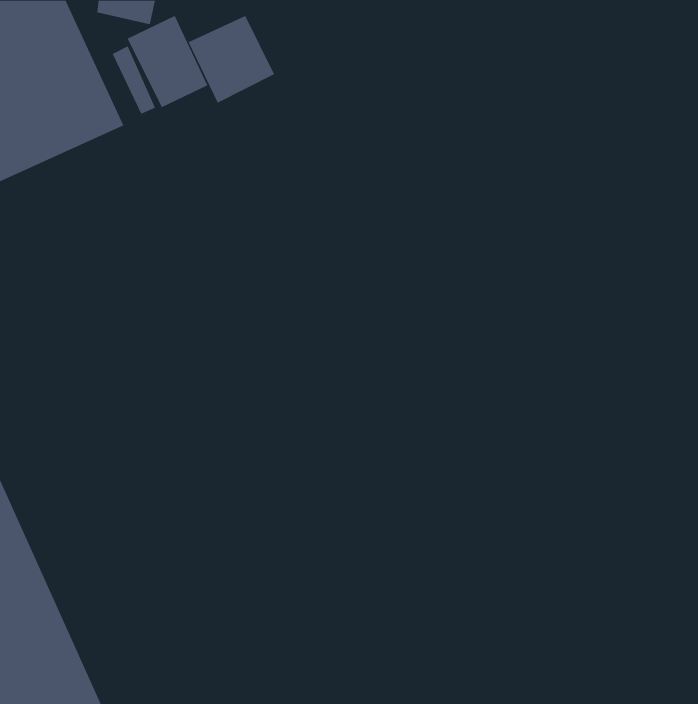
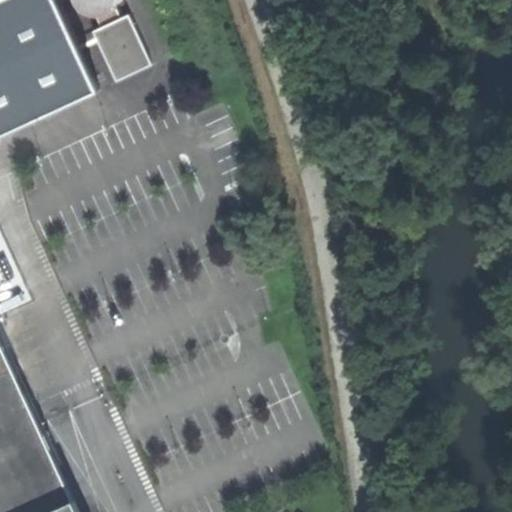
building: [188,15,275,103] -> none

